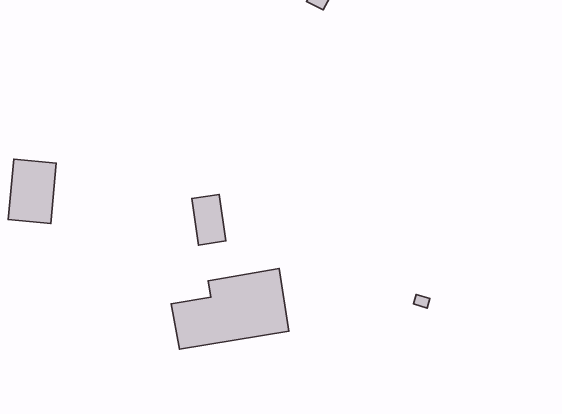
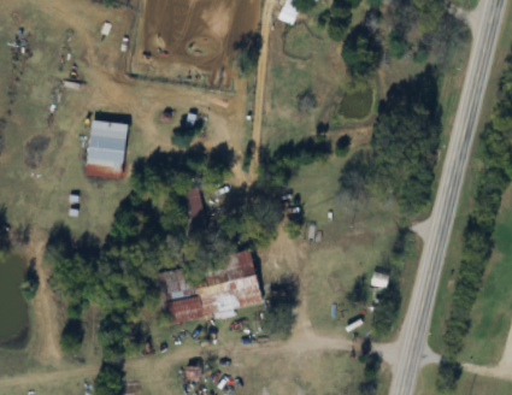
building: [8,159,56,223] -> [87,118,129,175]

